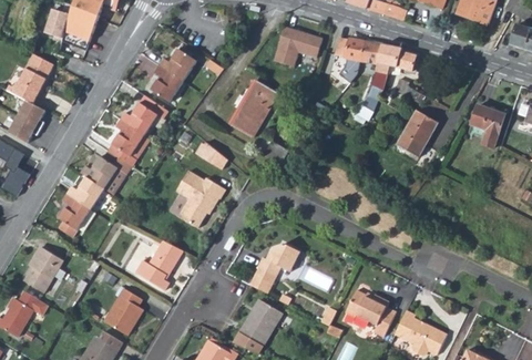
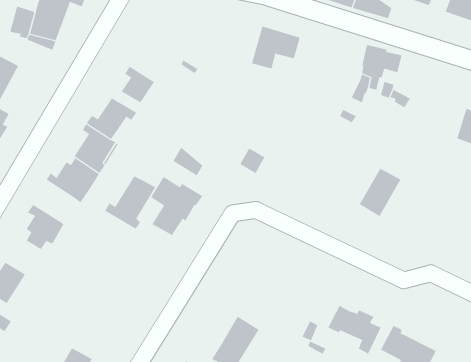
building: [335,38,381,81] -> none
building: [157,47,195,80] -> none
building: [231,81,277,137] -> none
building: [397,111,437,157] -> [359,168,401,217]
building: [66,176,104,210] -> none
building: [139,240,187,291] -> [104,176,156,229]
building: [250,241,303,292] -> none
building: [110,292,145,331] -> none

